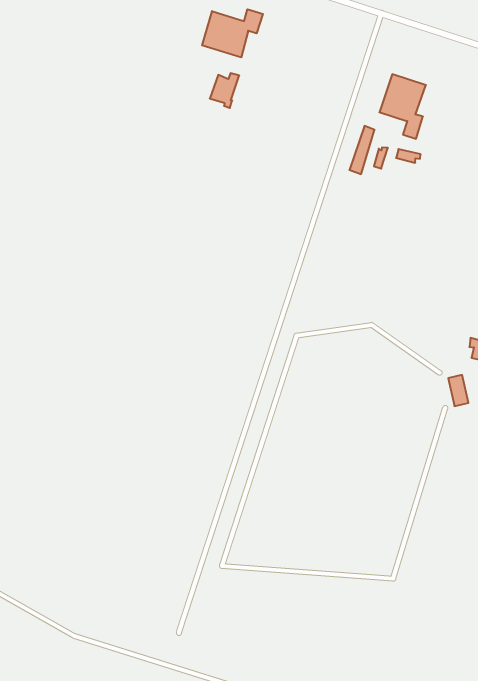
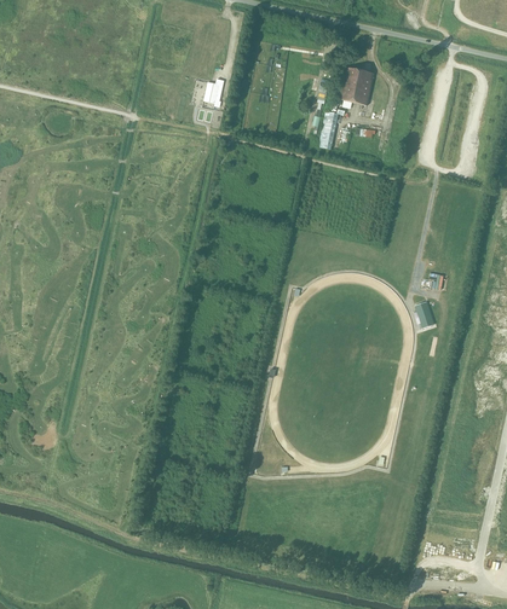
building: [202,9,263,57] -> none

